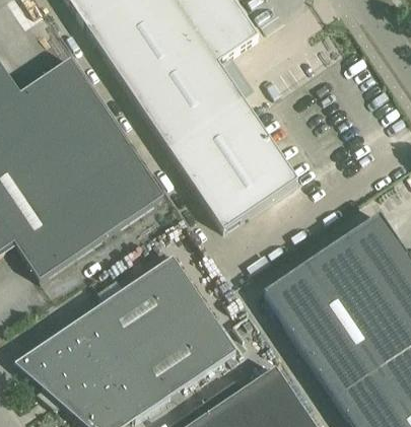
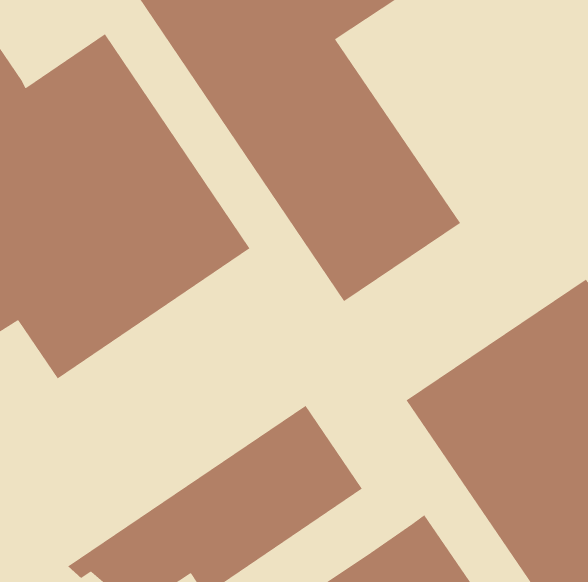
building: [13,255,199,399] -> none

